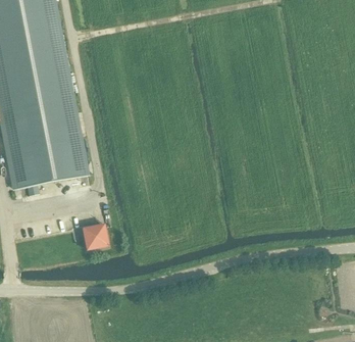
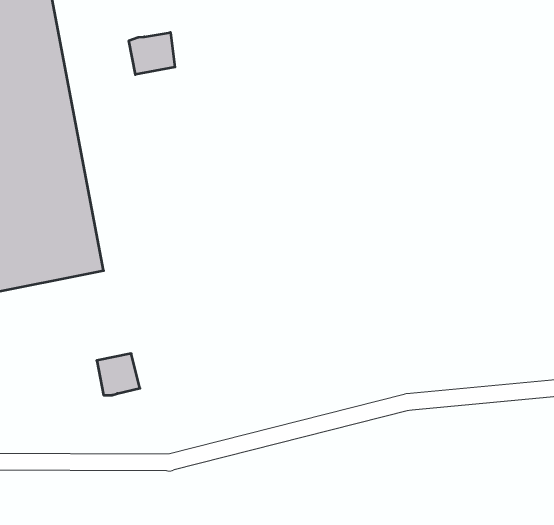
building: none -> [129,32,175,75]

